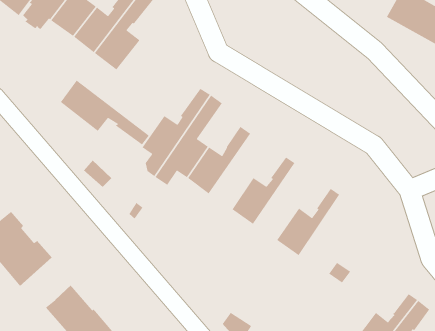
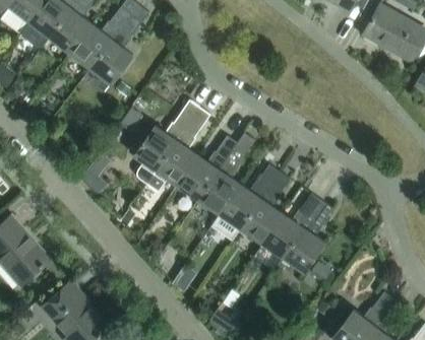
building: [60,80,150,145] -> none
building: none -> [197,133,255,214]
building: none -> [239,171,290,243]
building: none -> [282,200,332,273]

